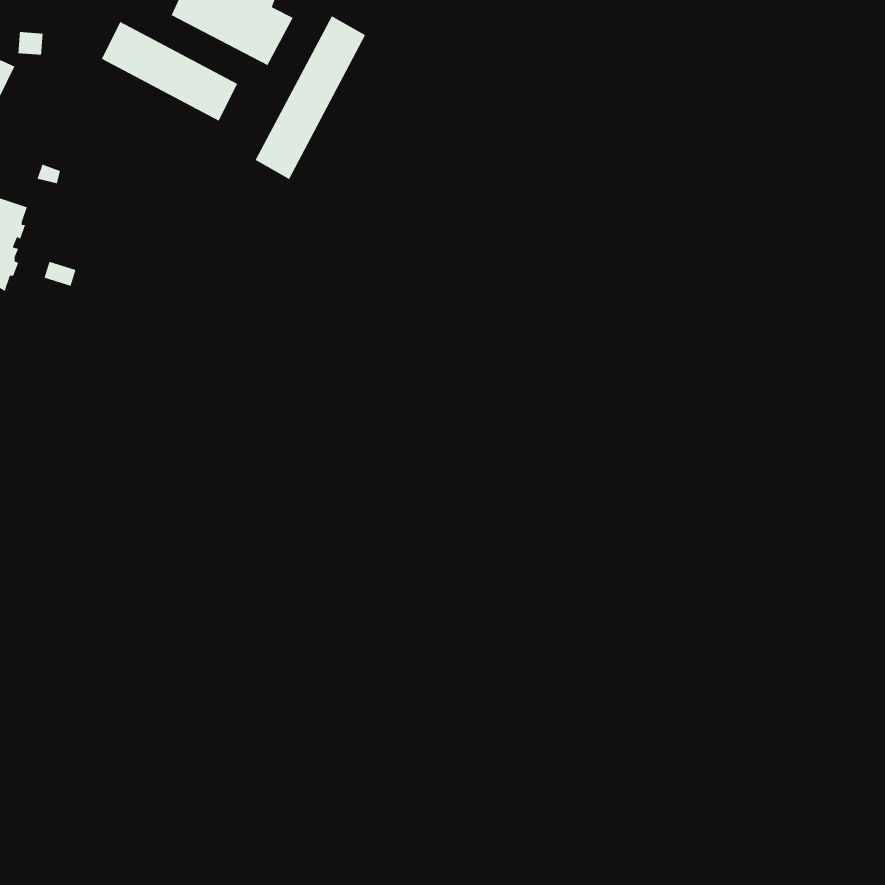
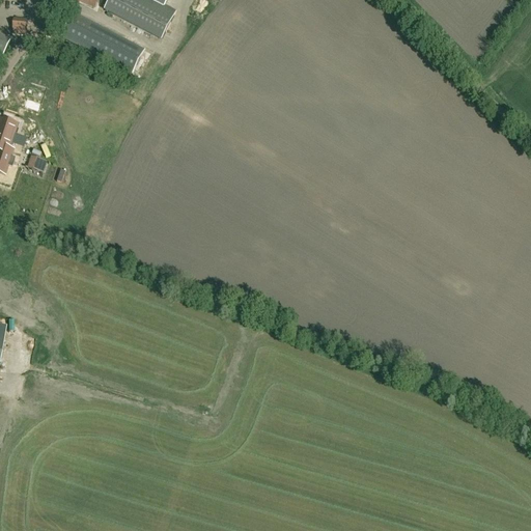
building: [255,15,366,180] -> none

